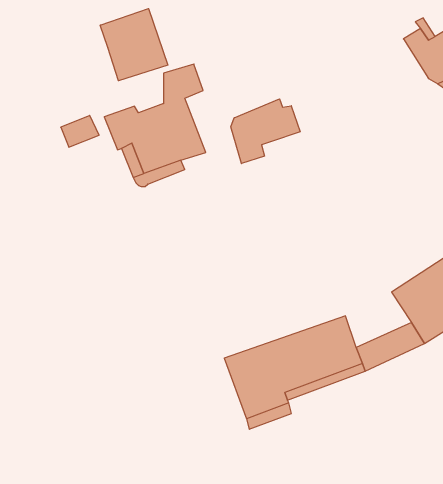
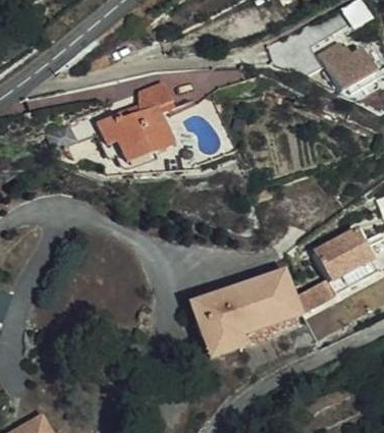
building: [100,9,168,81] -> none
building: [231,99,300,164] -> none

